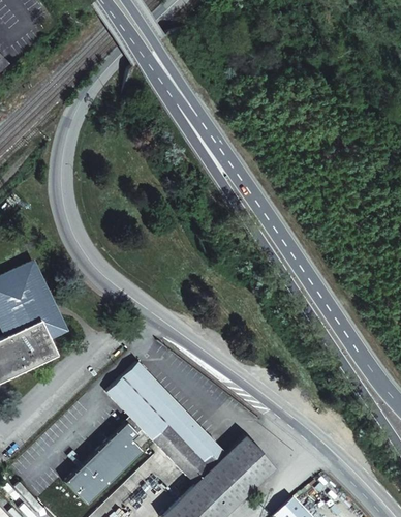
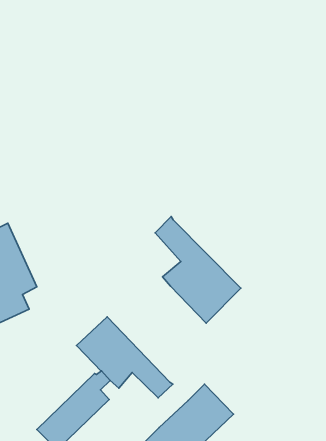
building: none -> [155,217,241,323]
building: [152,423,226,482] -> none

